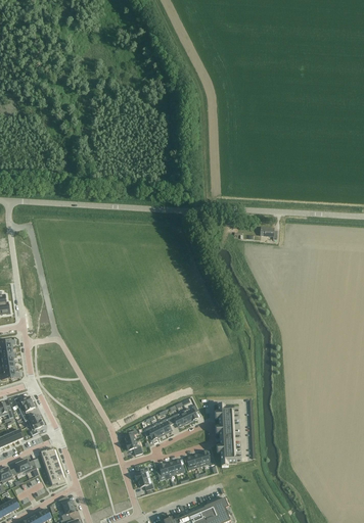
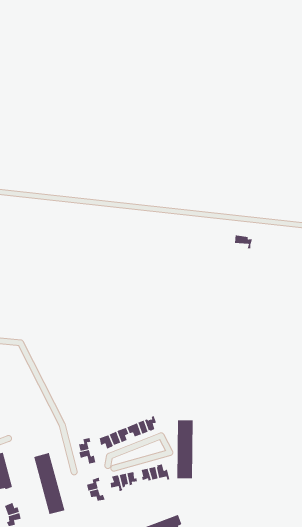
building: none -> [33,452,65,515]

